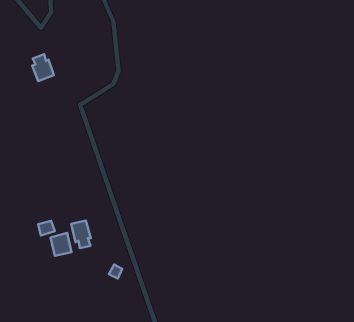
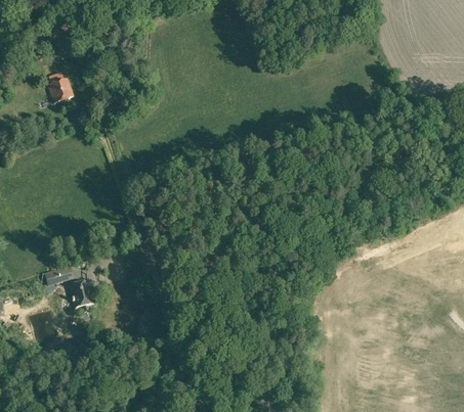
building: [71,221,91,248] -> none

